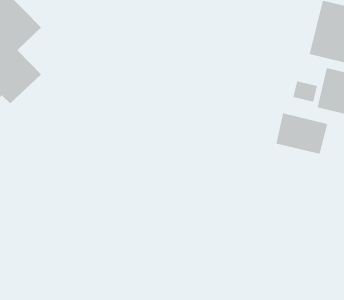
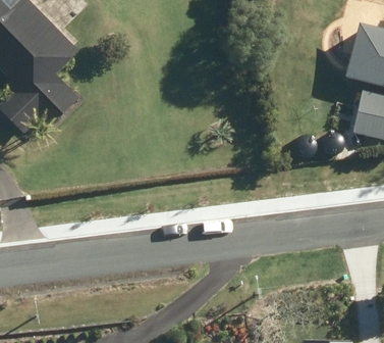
building: [276,113,328,155] -> none

